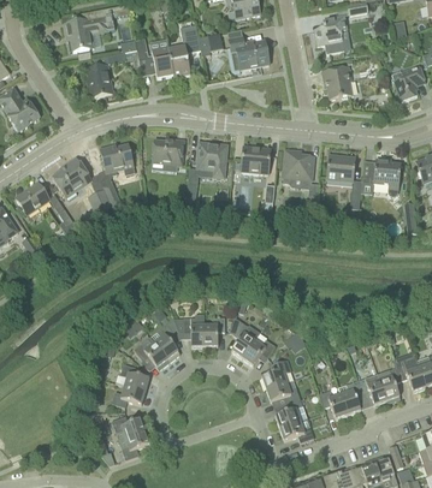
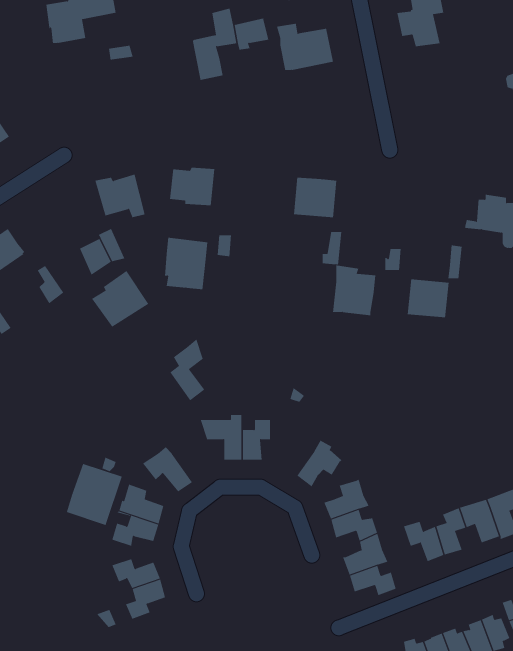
building: [135,38,173,78] -> none
building: [85,64,112,97] -> none
building: [321,66,350,99] -> none
building: [196,141,227,178] -> [164,237,208,290]
building: [282,149,313,185] -> [332,265,376,316]
building: [325,154,355,181] -> [407,279,449,318]
building: [51,156,91,197] -> [91,270,149,328]
building: [154,317,179,362] -> [170,339,205,401]
building: [231,321,259,357] -> none
building: none -> [66,463,123,526]

